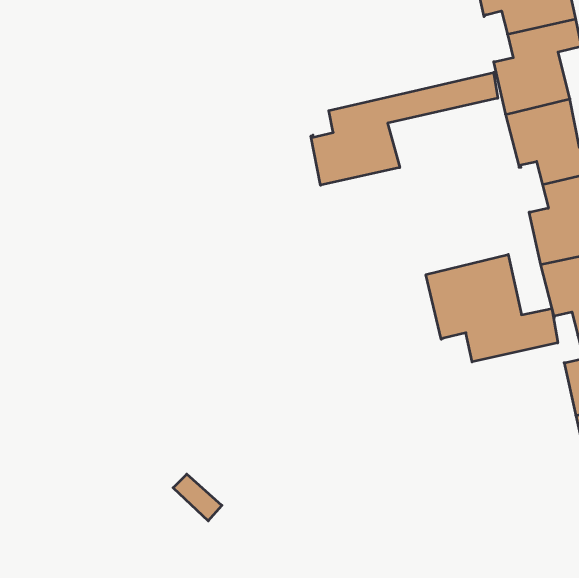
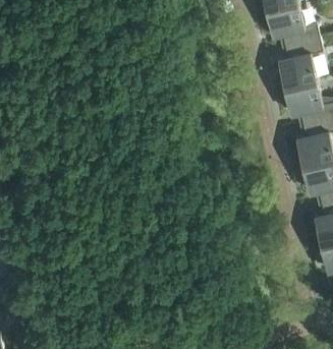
building: [311,72,498,185] -> none
building: [426,254,558,362] -> none

